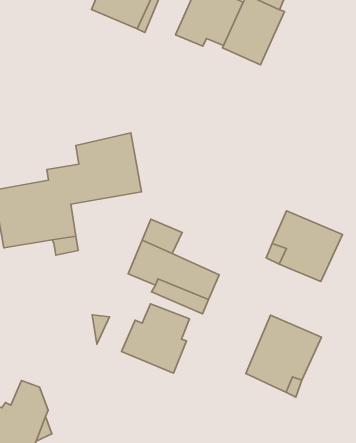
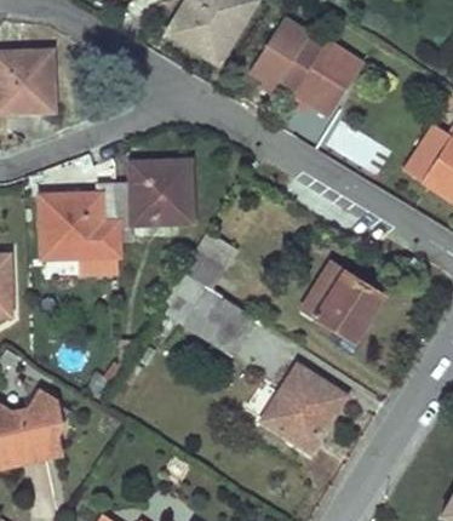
building: [121,304,189,373] -> none

